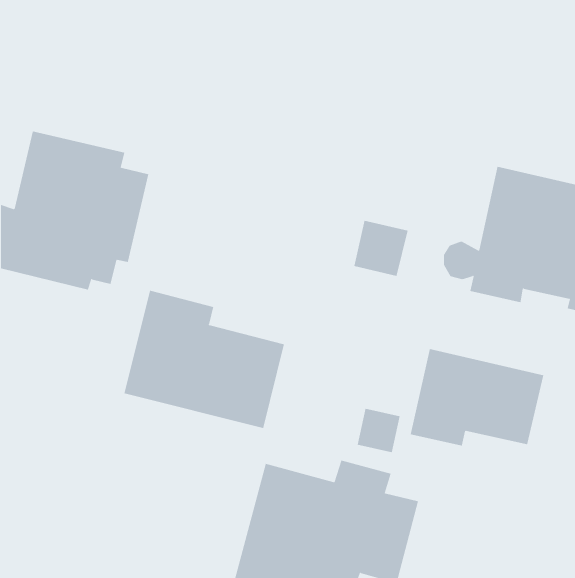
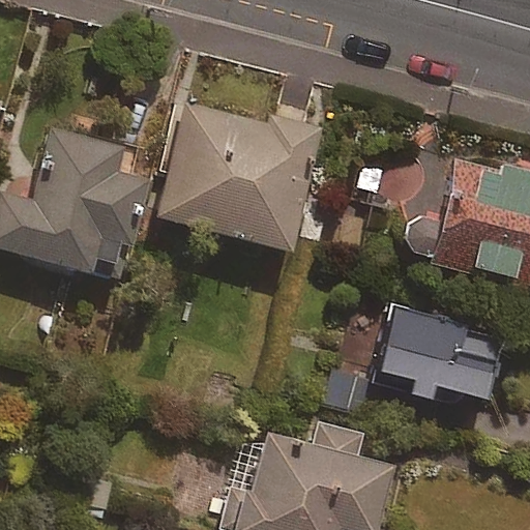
building: none -> [158,105,318,249]
building: [124,290,285,429] -> none

